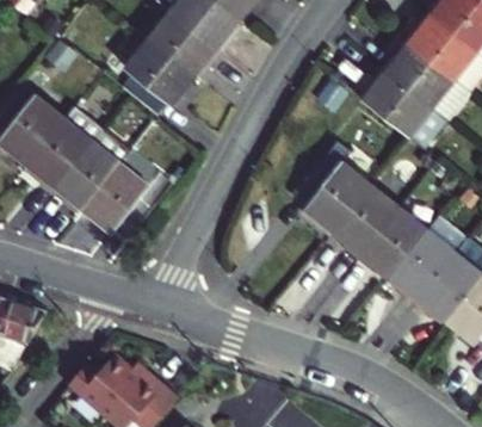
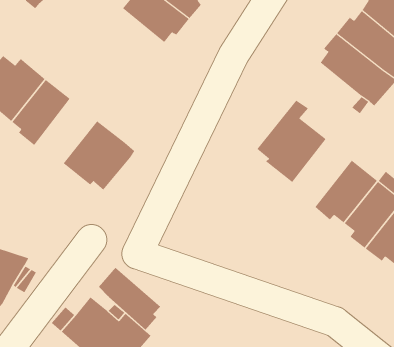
building: [120,39,193,116] -> none
building: [51,138,119,209] -> none
building: [333,182,397,256] -> none
building: none -> [98,267,161,331]

